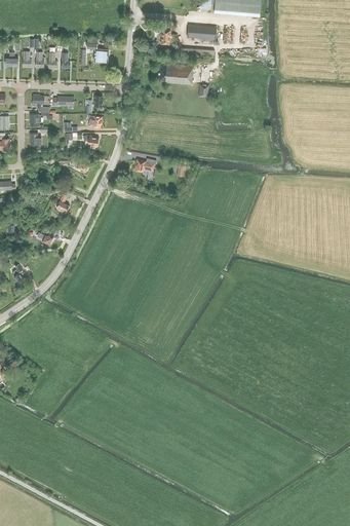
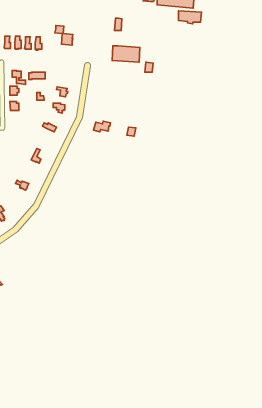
building: [187,25,216,41] -> [179,11,201,24]

